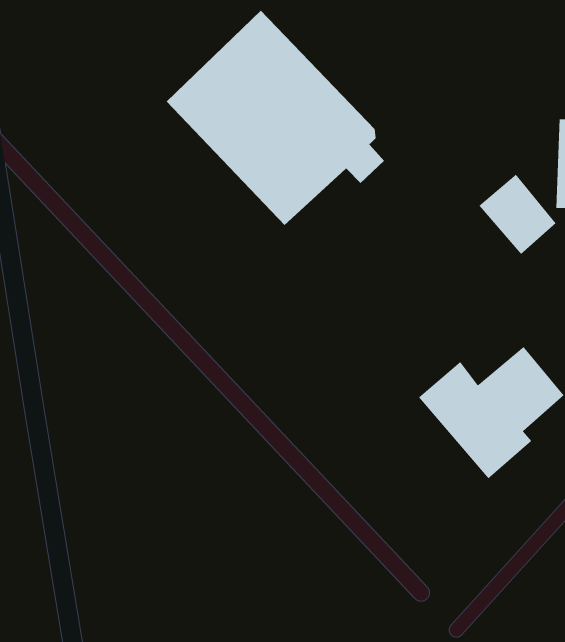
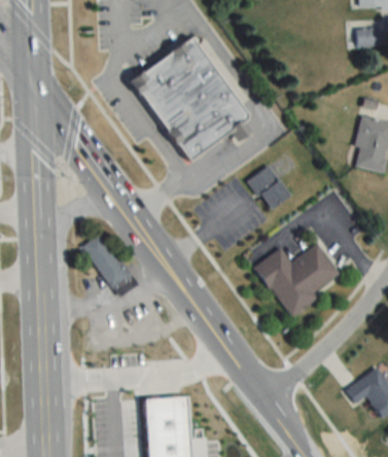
building: [478,174,557,255] -> [248,165,291,211]
building: none -> [83,235,130,288]

